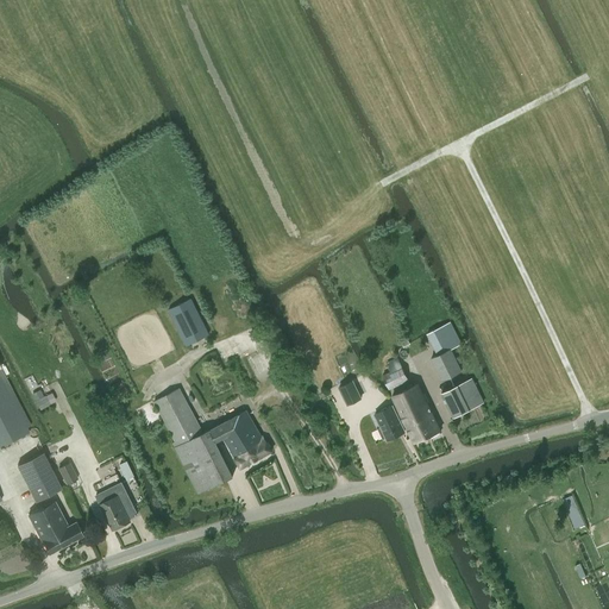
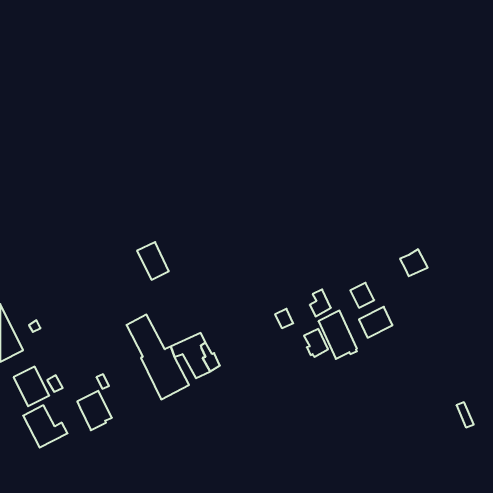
building: [427,321,462,354] -> [400,249,428,276]

